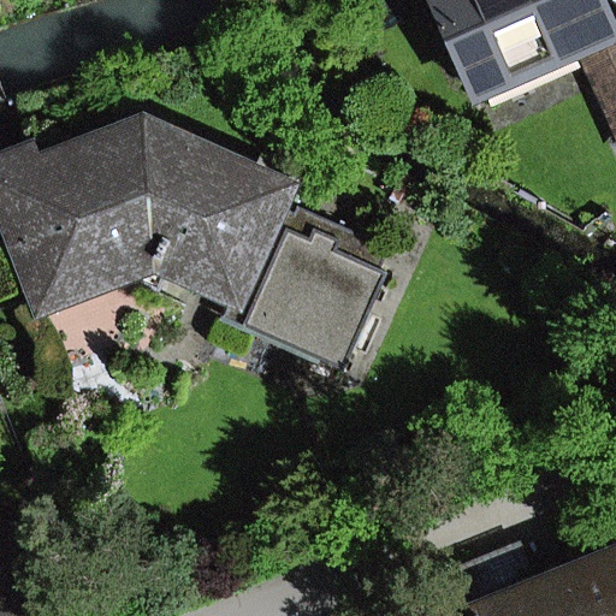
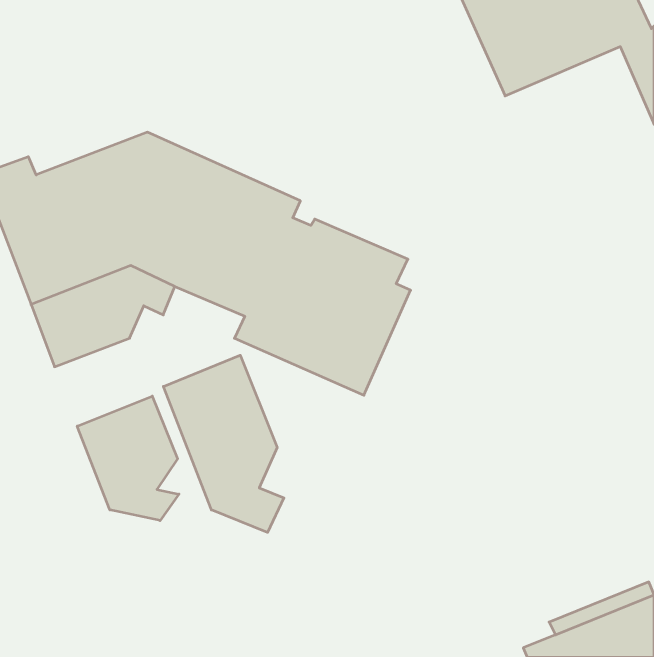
building: none -> [163,355,284,532]
building: none -> [77,396,179,521]

